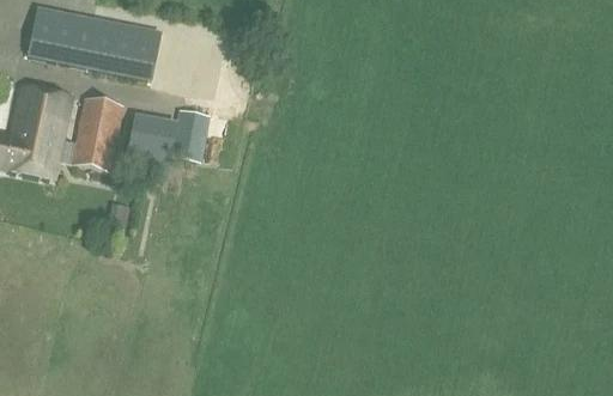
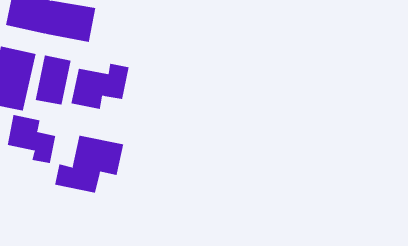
building: none -> [7,114,56,164]
building: none -> [55,135,124,193]

